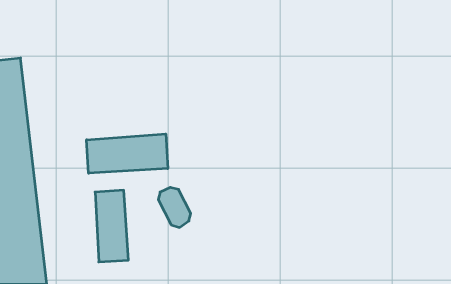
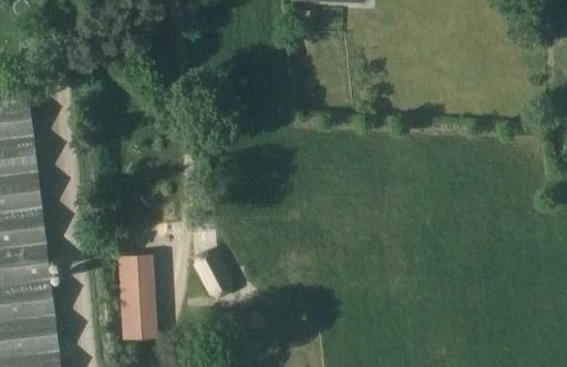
building: [87,134,168,173] -> none

